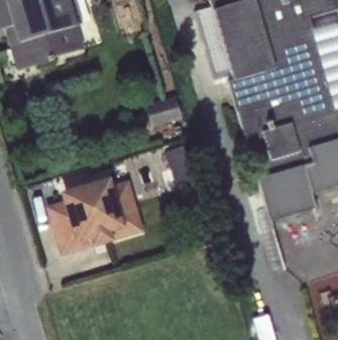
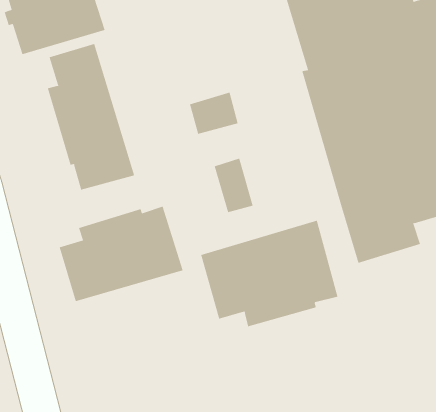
building: none -> [47,43,135,190]
building: none -> [200,220,338,327]

